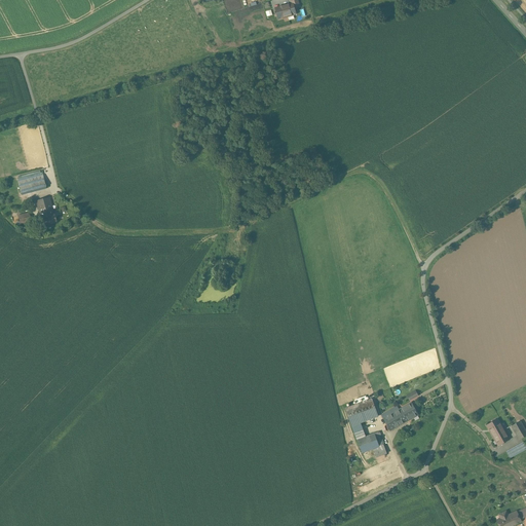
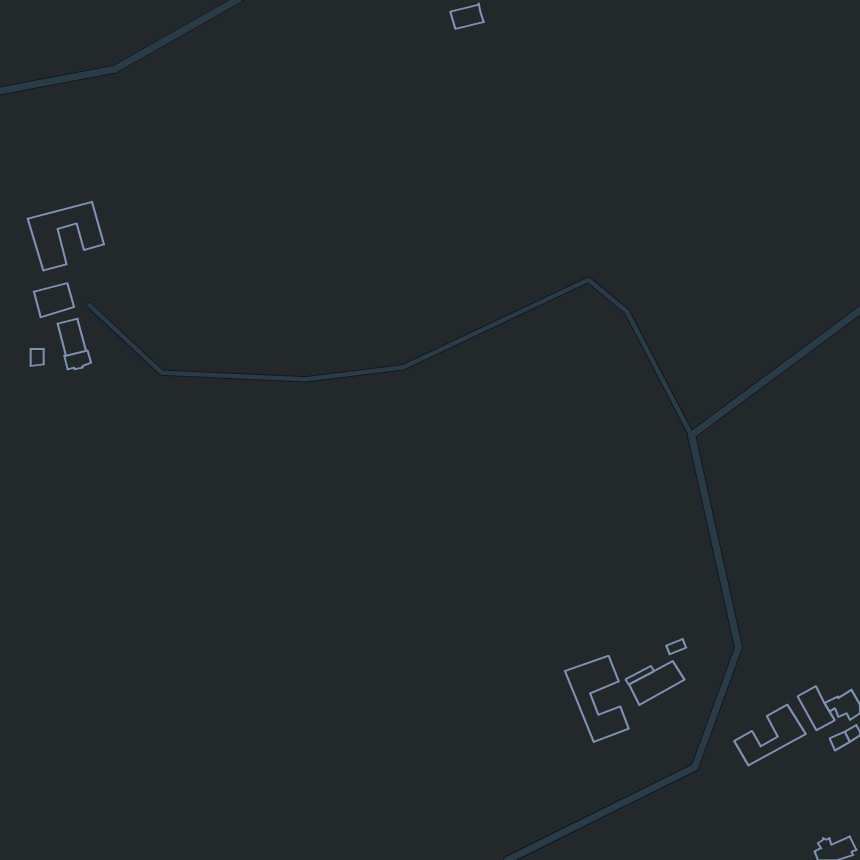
building: none -> [28,202,104,271]
building: none -> [734,705,806,766]

